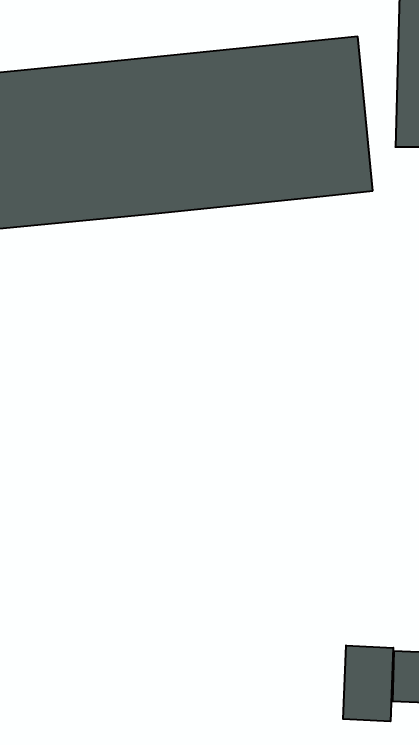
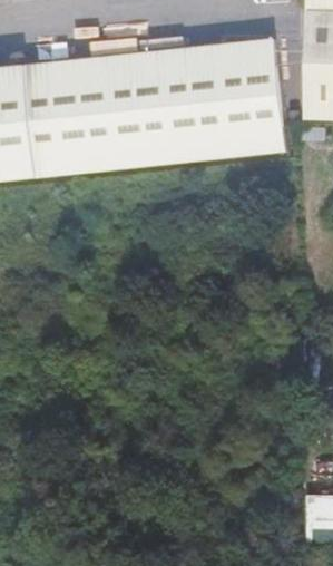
building: [343,645,393,721] -> none

